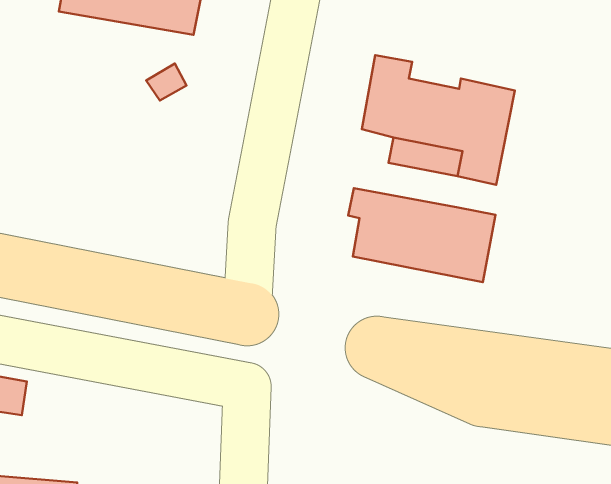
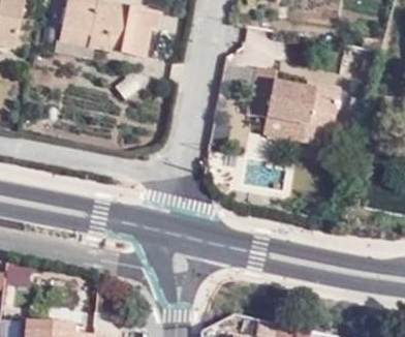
building: [348,188,496,282] -> none

